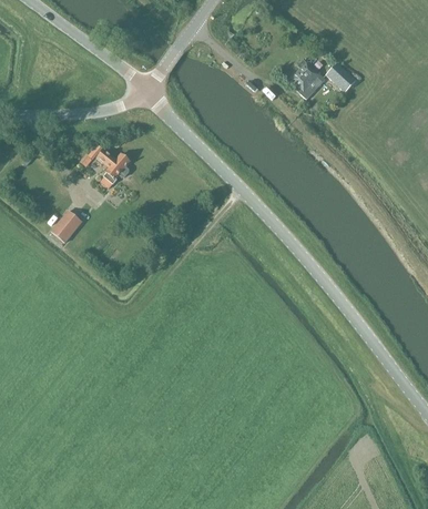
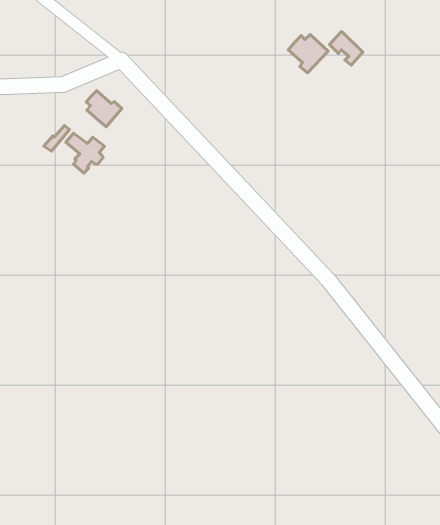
building: none -> [86,91,122,127]
building: [53,212,83,244] -> none

